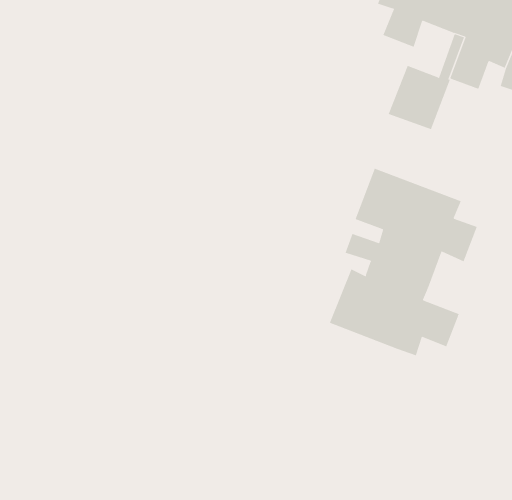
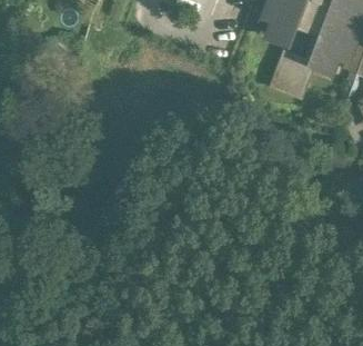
building: [329,168,477,356] -> none

